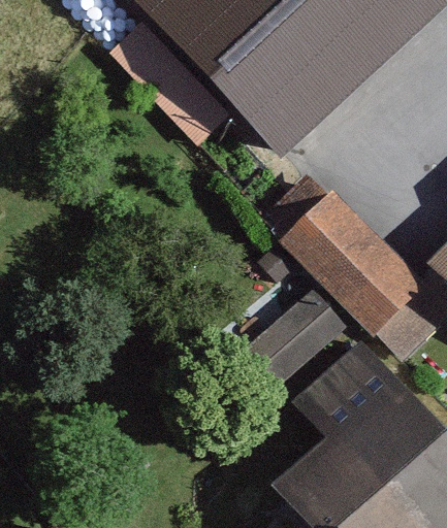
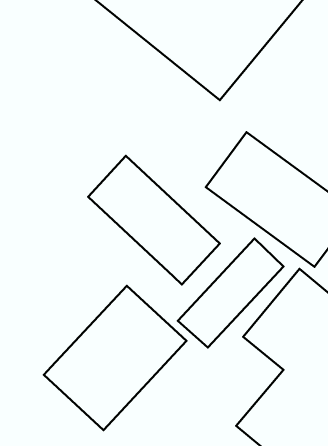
building: none -> [88,156,220,284]
building: none -> [44,286,187,430]

